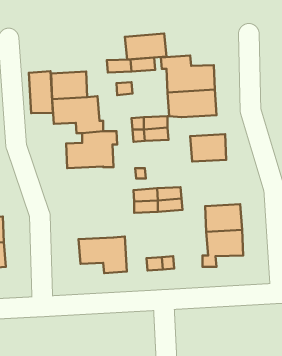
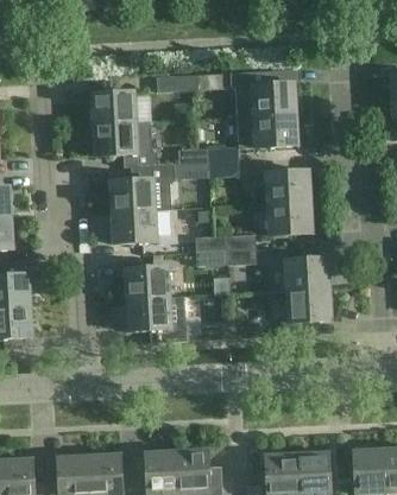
building: [125,34,166,59] -> none
building: [29,71,53,113] -> none
building: none -> [269,201,313,234]
building: none -> [112,209,158,243]
building: none -> [125,266,170,300]

